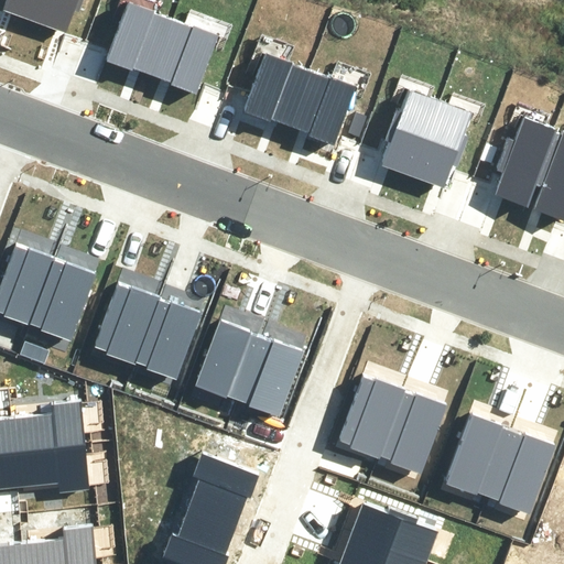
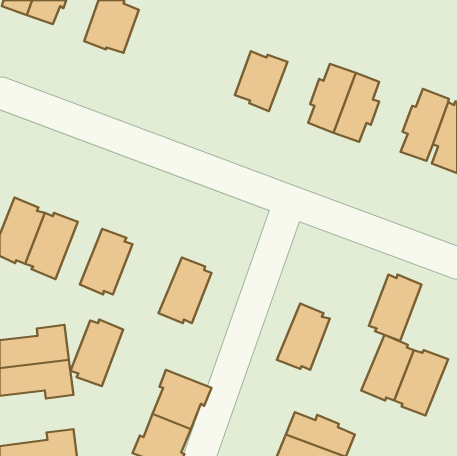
building: [152,15,216,88] -> none
building: [240,45,308,120] -> none
building: [139,302,204,383] -> [70,320,123,386]
building: [236,337,302,419] -> none
building: [381,394,446,476] -> [369,275,422,341]

